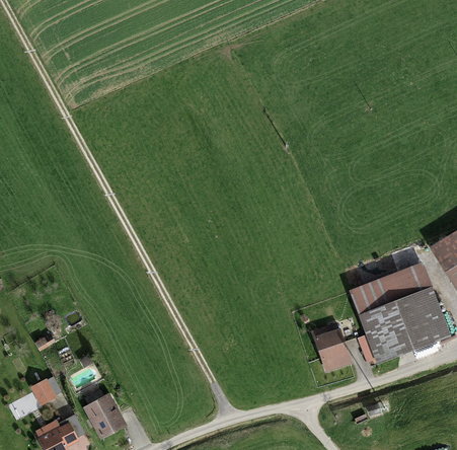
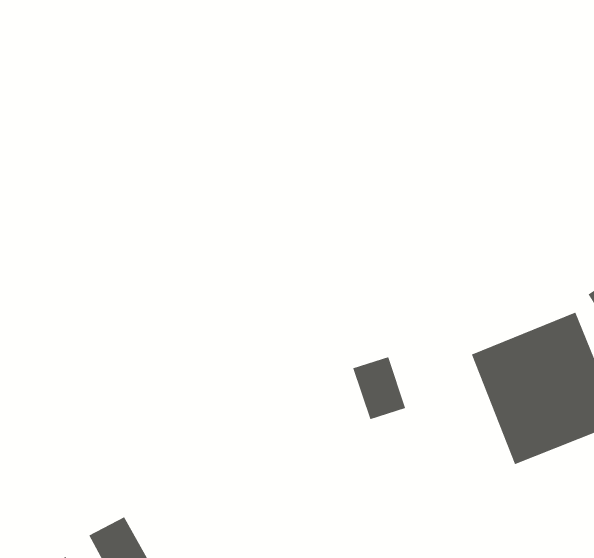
building: [314,325,352,370] -> [352,356,406,420]
building: [28,382,56,411] -> none

